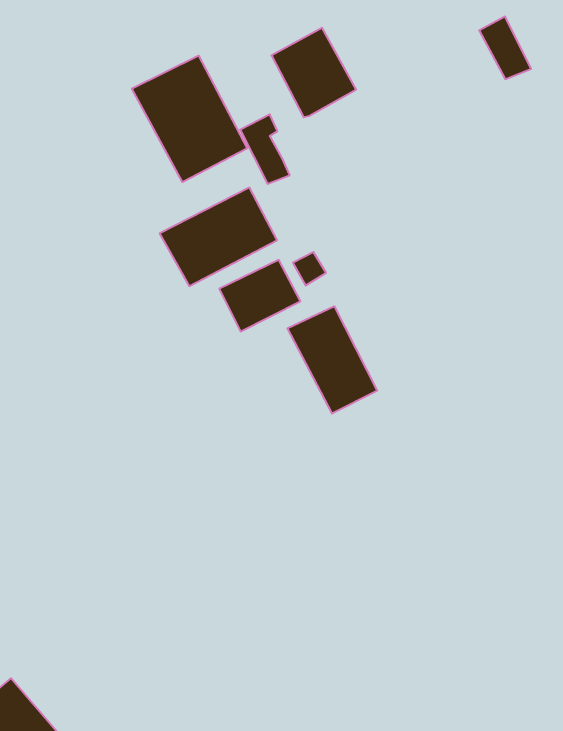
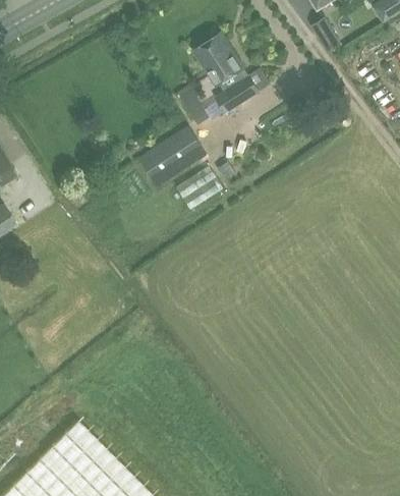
building: [132,56,247,182] -> none
building: none -> [216,67,261,115]
building: [287,306,377,414] -> none

